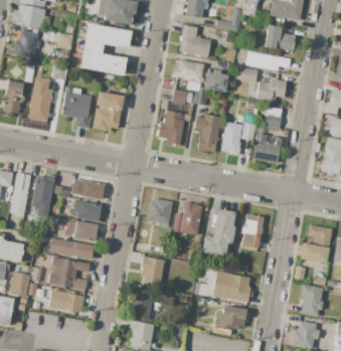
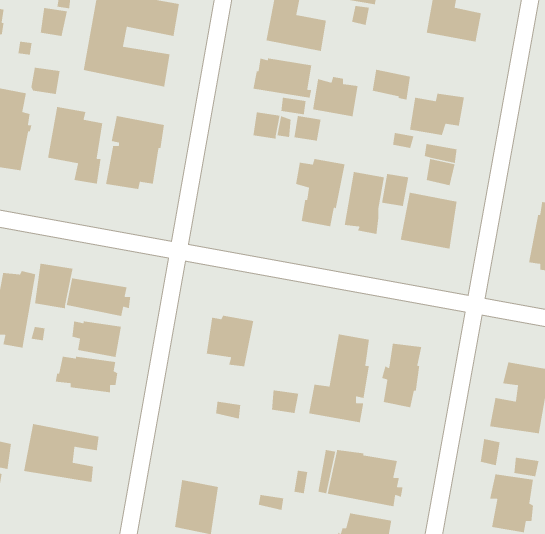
building: [245,50,290,70] -> none
building: [157,110,183,144] -> none
building: [172,201,201,233] -> none
building: [48,237,93,258] -> none
building: [139,255,163,286] -> none
building: [47,289,83,311] -> none

